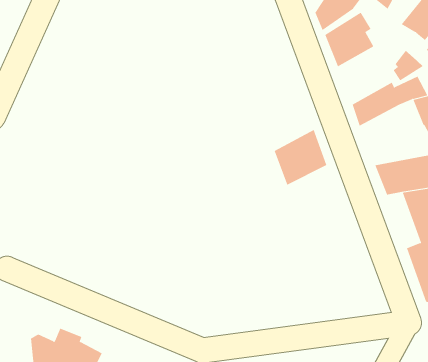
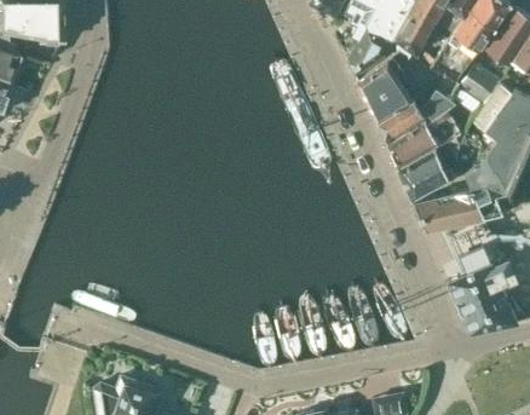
building: none -> [374,90,426,143]
building: [274,129,327,186] -> [398,144,450,200]

